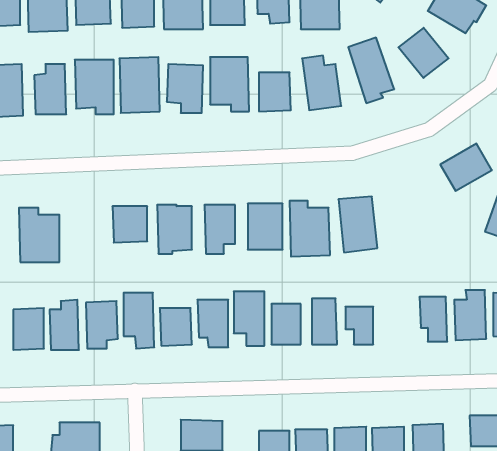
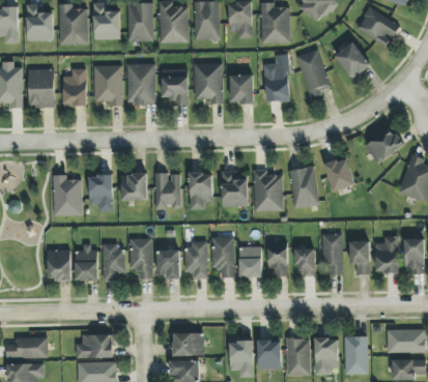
building: none -> [325,158,353,190]
building: none -> [89,175,113,211]
building: none -> [322,233,342,274]

